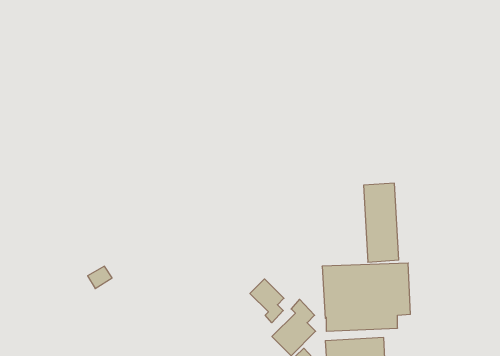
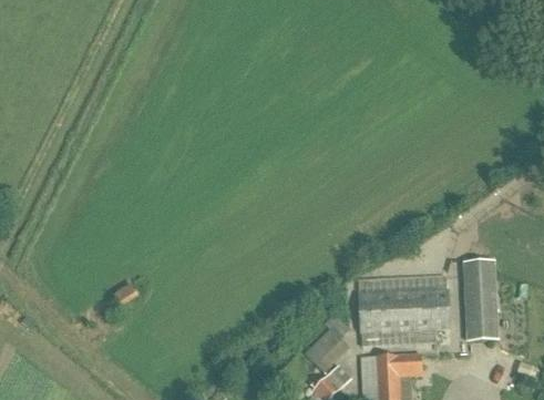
building: [364,183,399,262] -> [462,259,499,341]
building: [250,279,284,323] -> none

